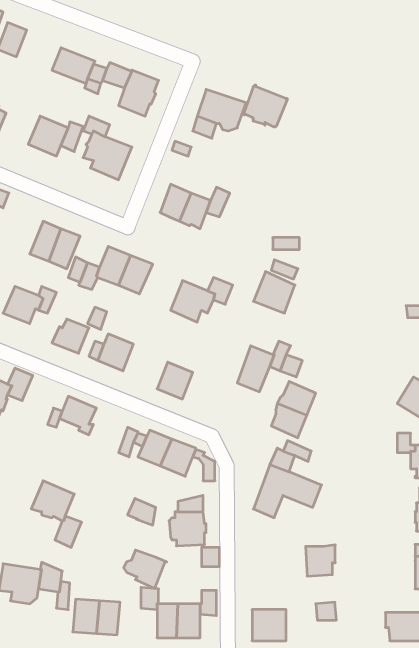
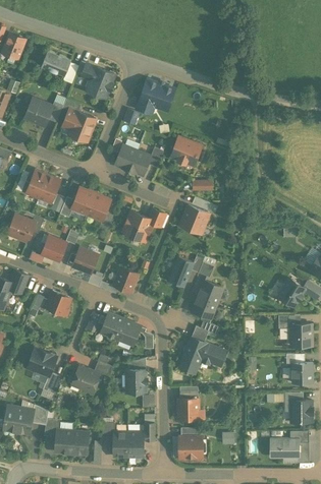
building: [243,85,287,127] -> [170,137,201,166]
building: [306,545,335,576] -> [177,399,198,420]
building: [124,550,167,589] -> [70,367,100,394]

